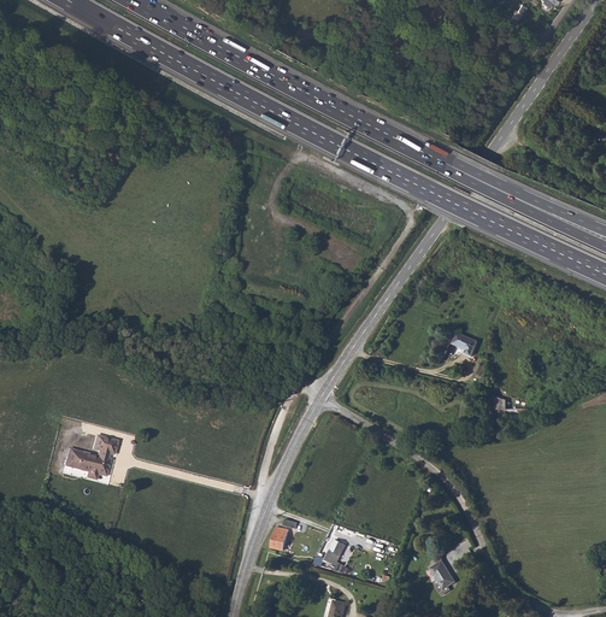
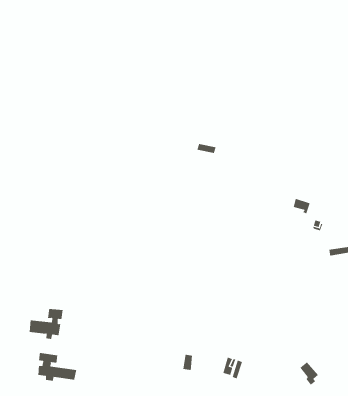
building: none -> [38,352,77,382]

